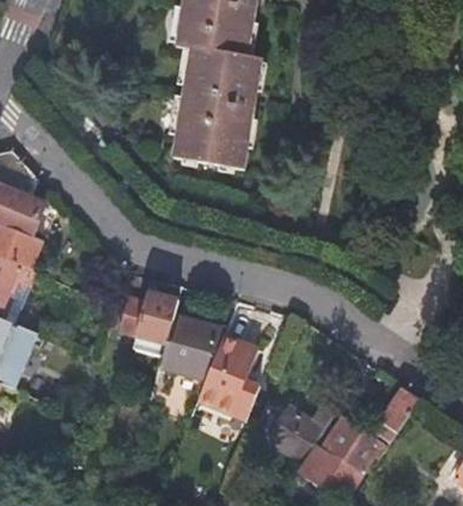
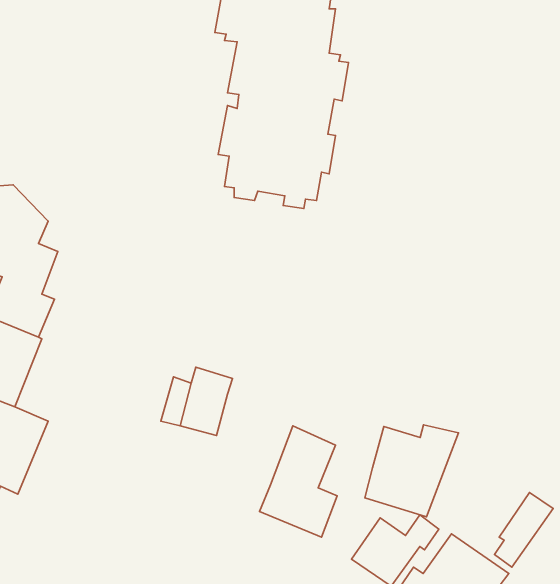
building: [159,311,230,380] -> [365,425,458,517]

